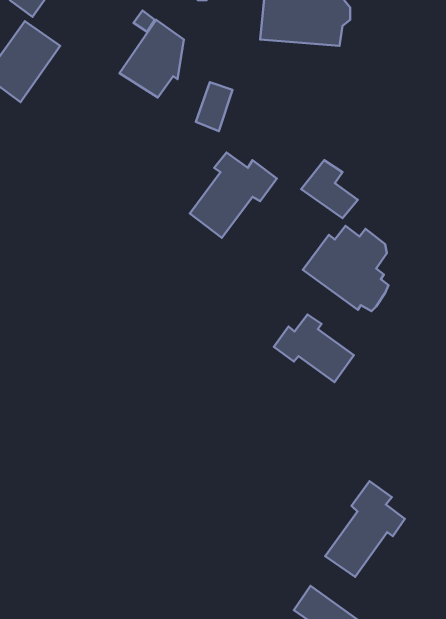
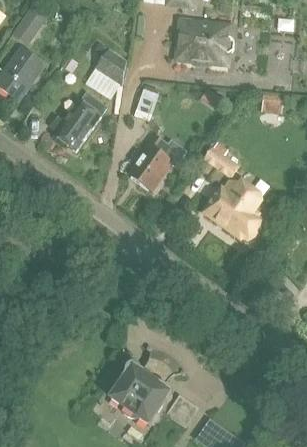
building: none -> [50,92,108,151]
building: [274,314,354,382] -> none
building: [325,481,405,577] -> none
building: none -> [110,364,171,424]

